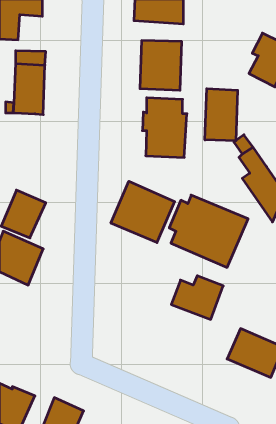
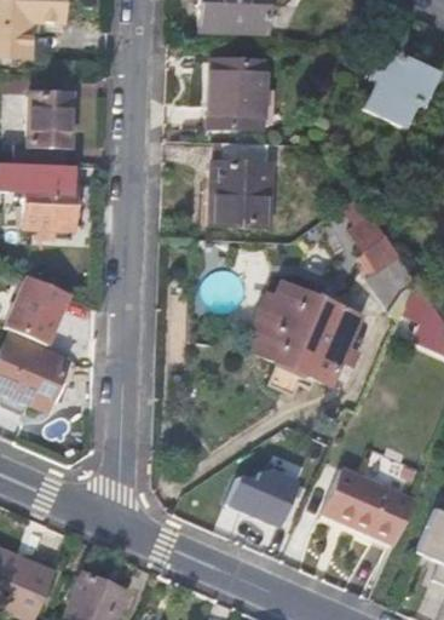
building: [205,89,238,141] -> none
building: none -> [24,163,76,230]
building: [111,181,175,243] -> none
building: [171,276,223,319] -> [227,464,302,527]

